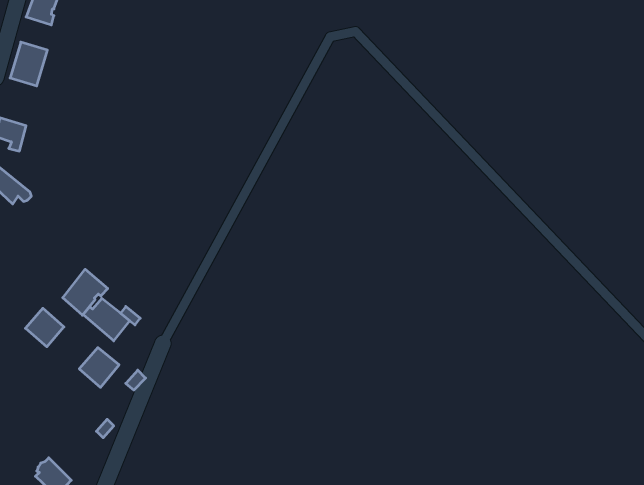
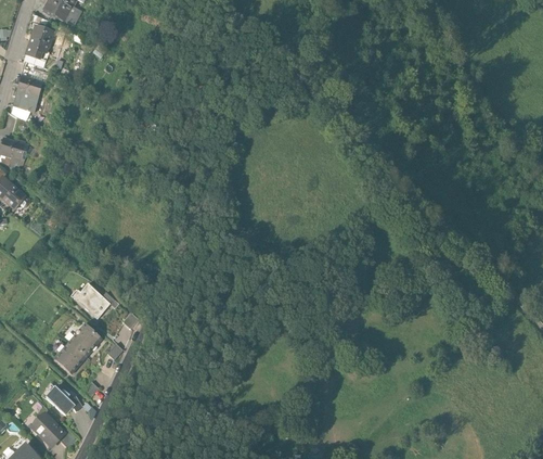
building: [63,269,108,315] -> none
building: [25,308,64,347] -> [54,342,86,373]
building: none -> [44,385,81,416]

